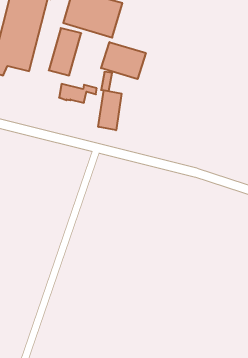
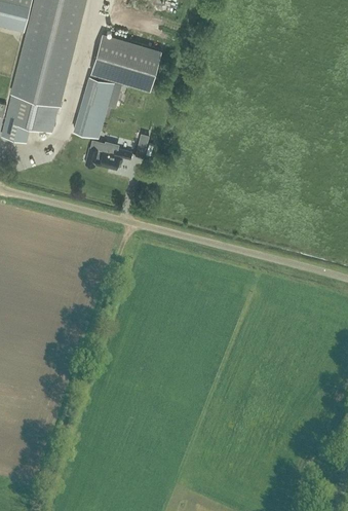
building: [101,42,146,79] -> none
building: [98,90,122,130] -> none

